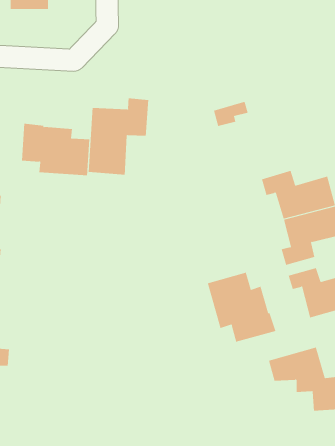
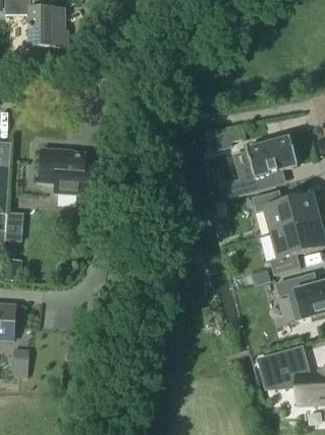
building: [88,98,149,176] -> none
building: none -> [224,135,296,198]
building: [207,272,276,343] -> none

